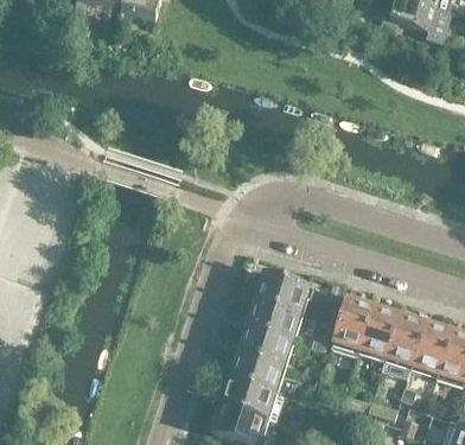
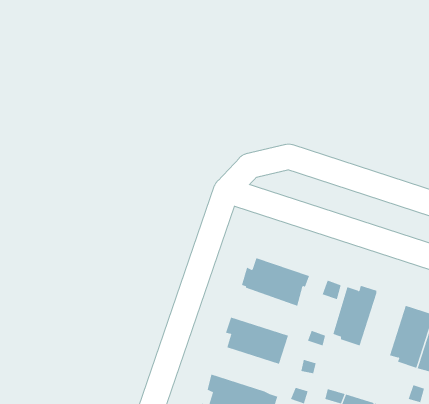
building: [242,298,302,341] -> none
building: [358,303,399,358] -> none
building: [224,351,286,393] -> none

